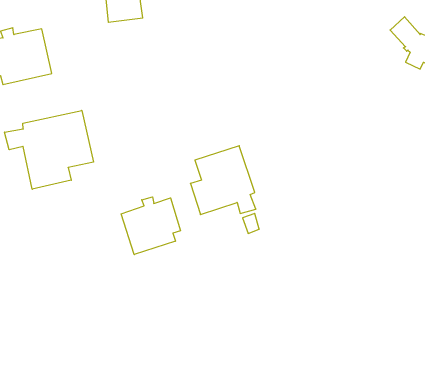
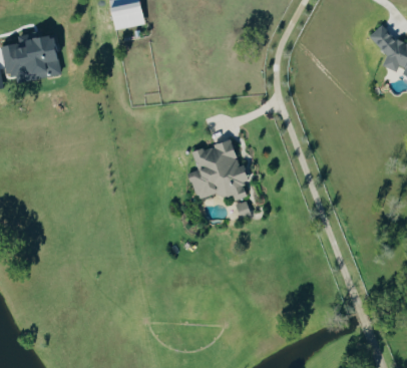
building: [5,110,93,189] -> none
building: [121,197,180,255] -> none

